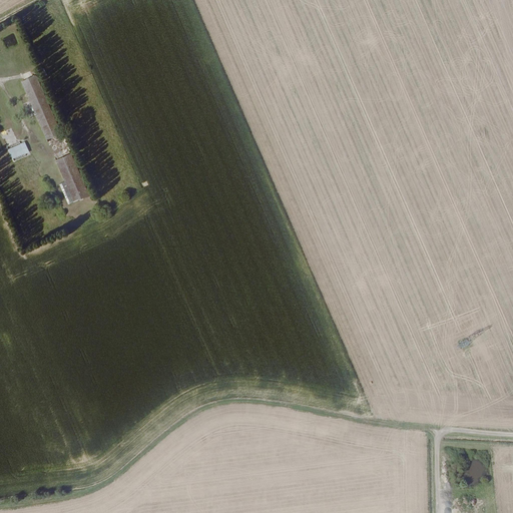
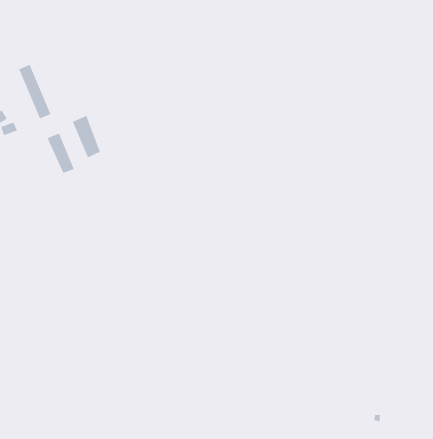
building: none -> [72,115,101,159]

